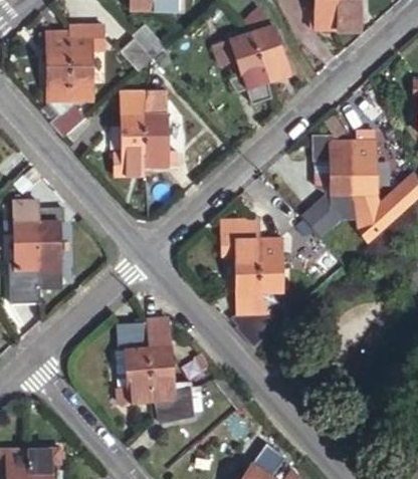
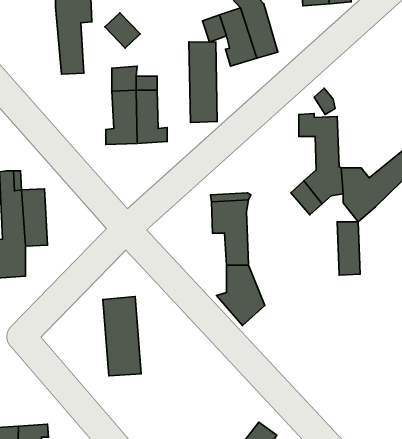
building: [45,31,86,137] -> none
building: none -> [189,42,217,123]
building: [349,140,373,192] -> none
building: [258,236,281,289] -> [337,222,360,275]
building: [147,318,195,420] -> none

